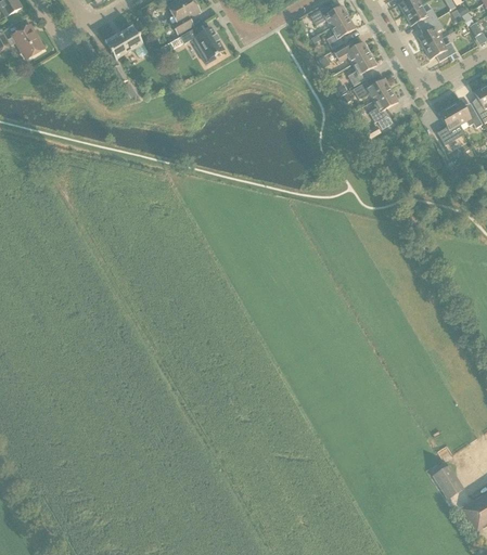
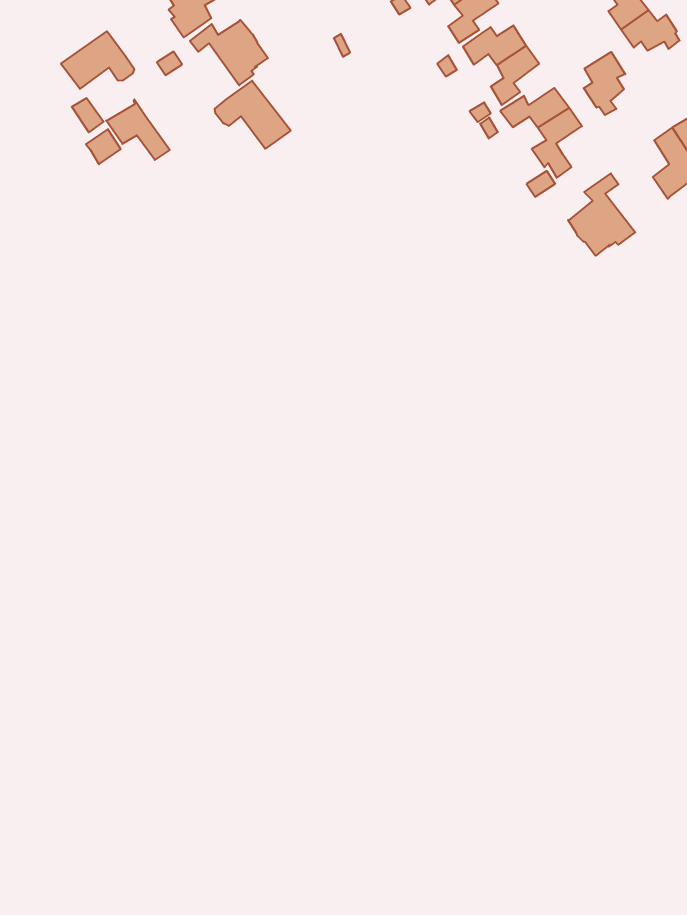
building: none -> [584,52,625,115]
building: none -> [215,81,291,149]
building: none -> [106,99,170,160]
building: none -> [568,173,635,256]

